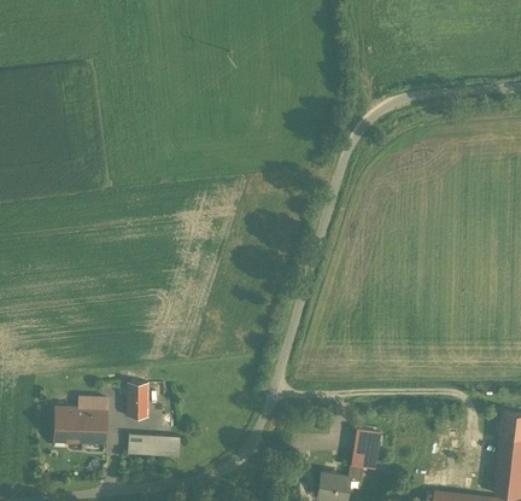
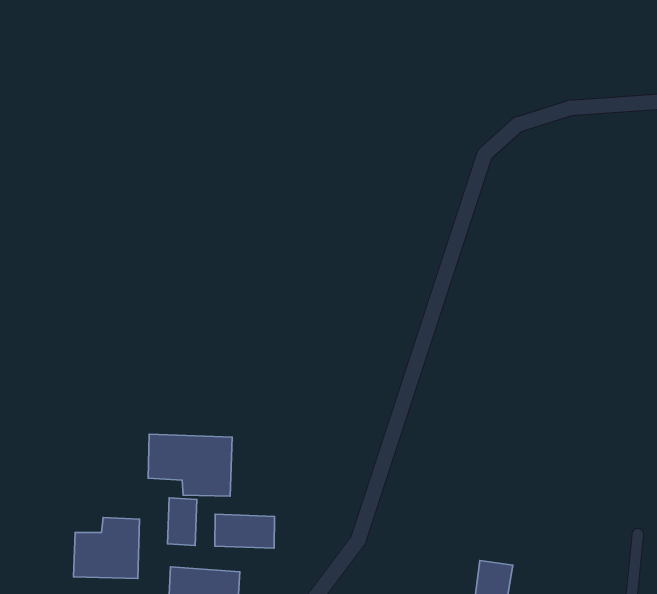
building: none -> [148,434,232,496]
building: none -> [215,514,275,548]

